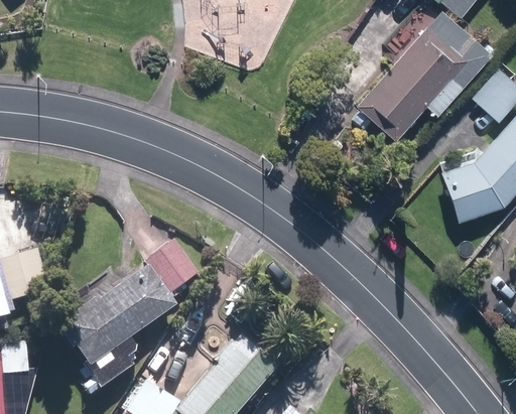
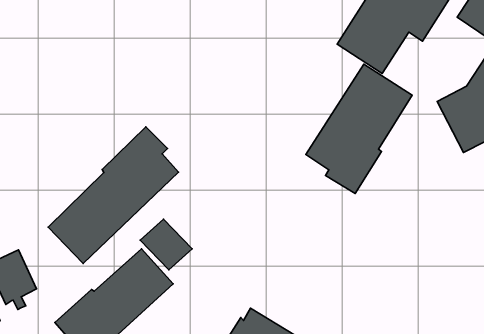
building: none -> [306,64,412,193]
building: none -> [48,127,178,264]

